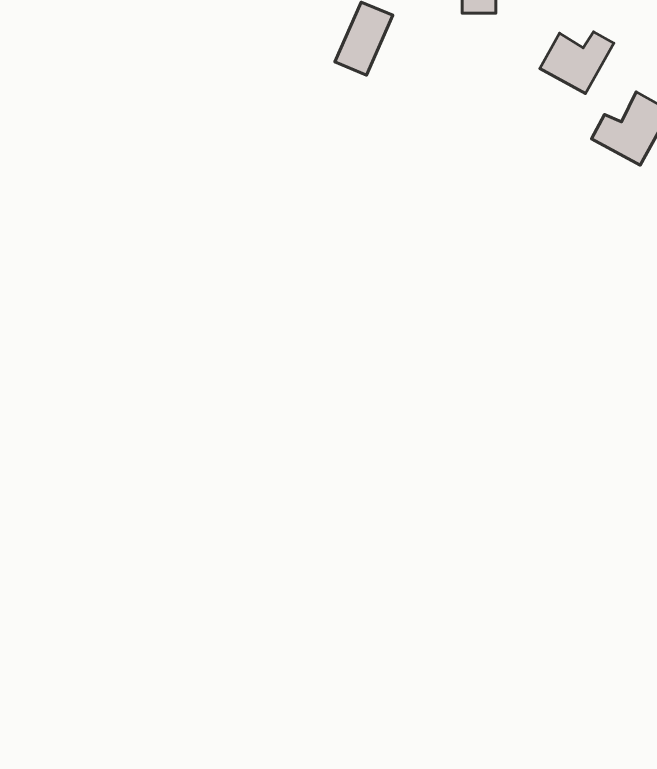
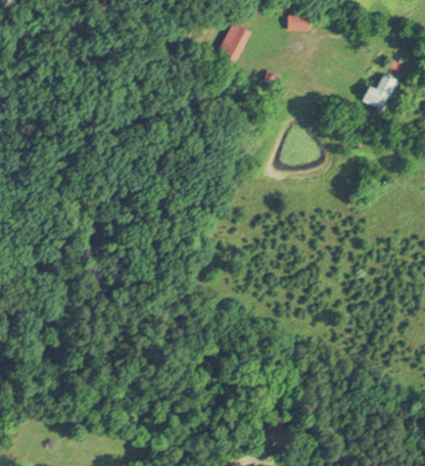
building: [540,32,614,93] -> none

